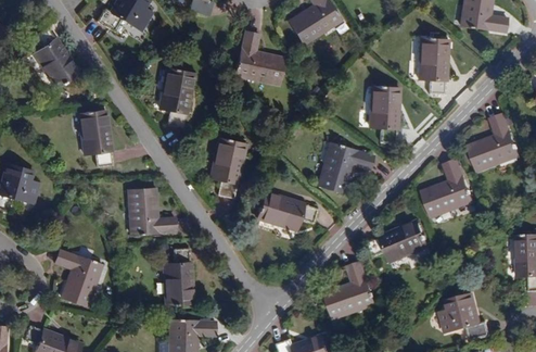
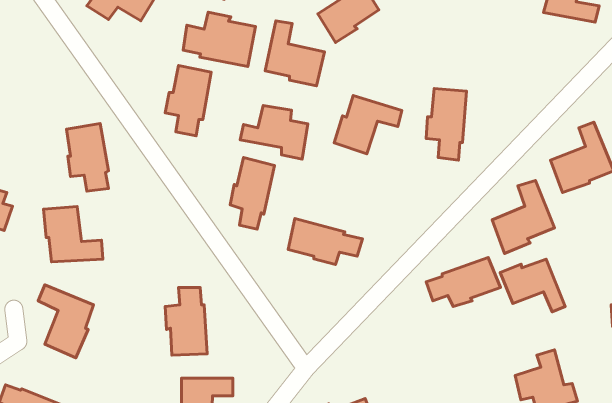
building: none -> [183,12,255,67]
building: [30,27,78,86] -> none
building: [418,37,449,93] -> none
building: none -> [240,106,308,159]
building: [319,143,373,190] -> [334,95,402,154]
building: [127,186,175,230] -> [44,206,103,262]
building: none -> [500,259,565,312]
building: [323,262,372,312] -> none

